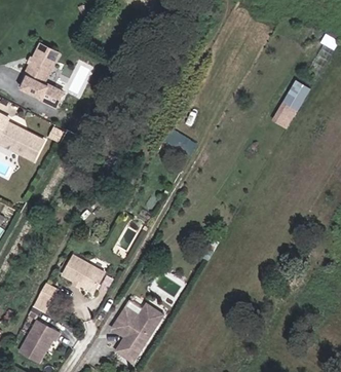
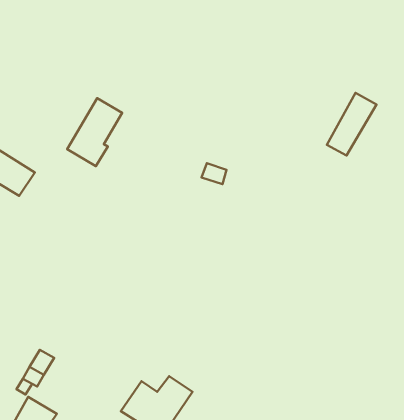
building: [21,45,64,99] -> [67,98,122,166]
building: [63,254,105,291] -> none

